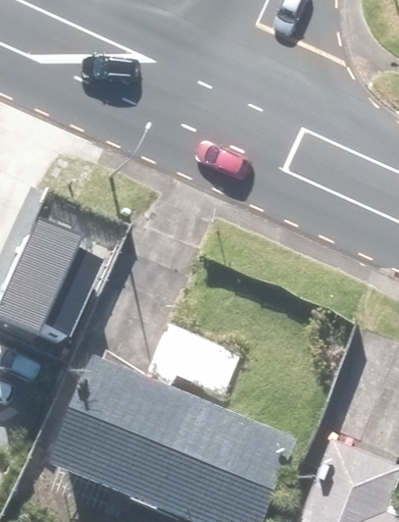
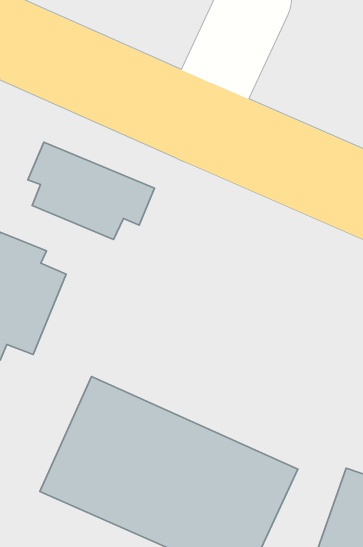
building: none -> [28,142,154,240]

